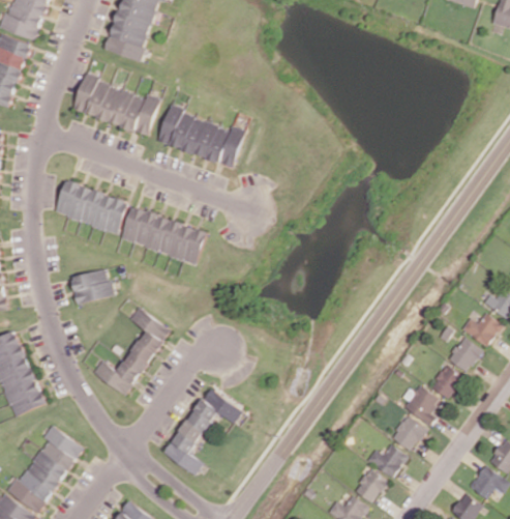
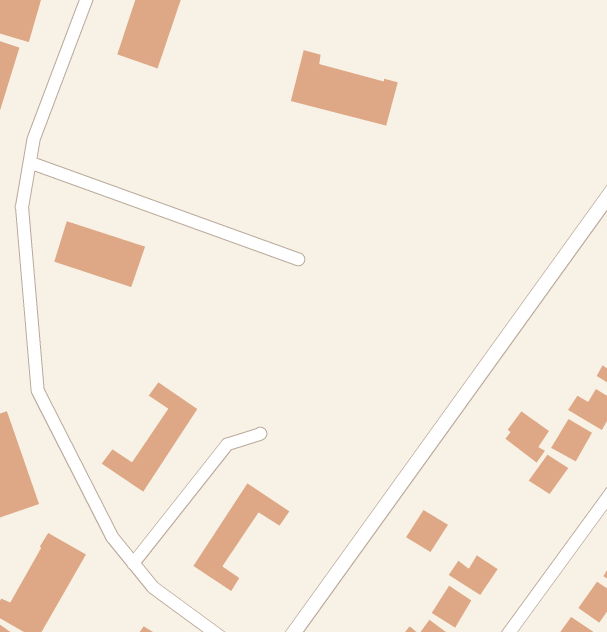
building: [72,78,158,133] -> none
building: [157,104,243,165] -> [290,49,399,126]
building: [120,207,206,263] -> none
building: [70,268,114,305] -> none
building: [403,383,440,426] -> [504,410,550,464]
building: [390,415,425,451] -> [405,509,449,553]

